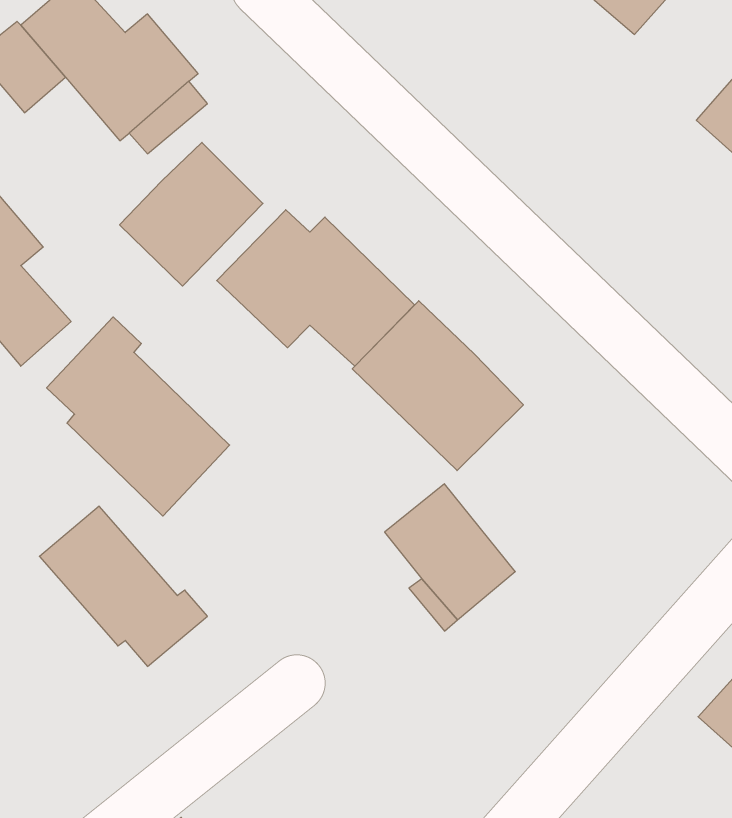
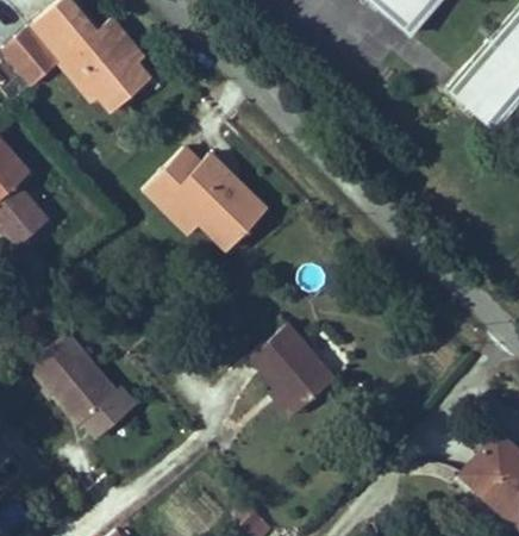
building: [120,142,263,286] -> none
building: [352,301,523,471] -> none
building: [47,317,230,516] -> none

